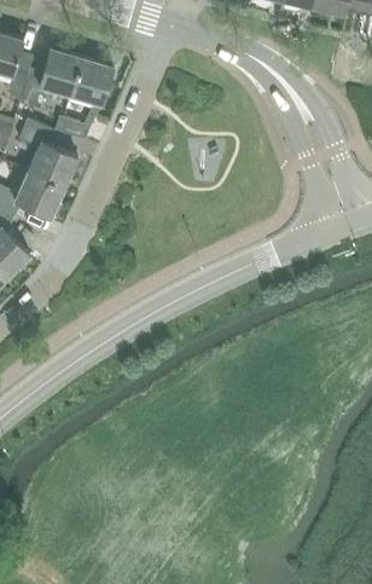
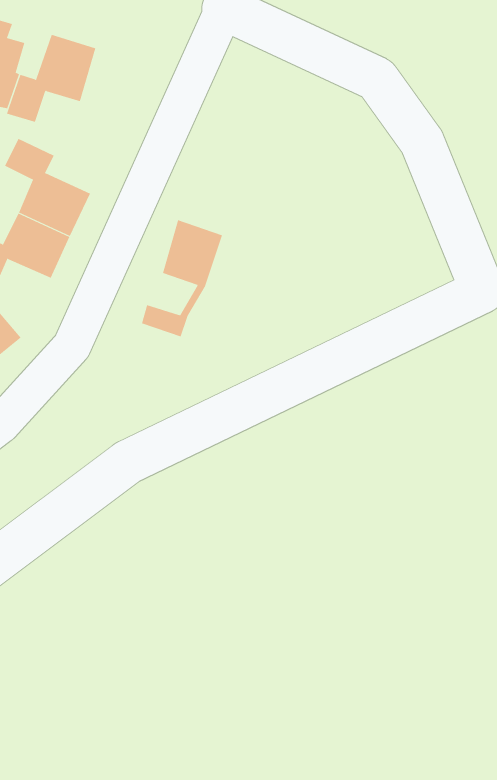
building: [57,57,114,139] -> [141,219,223,337]

